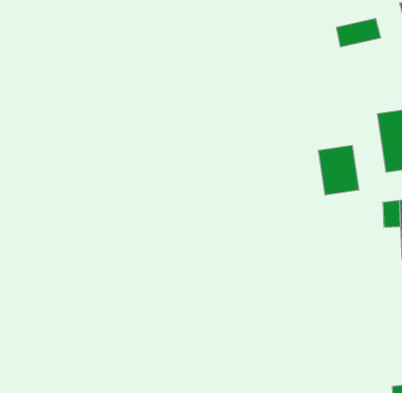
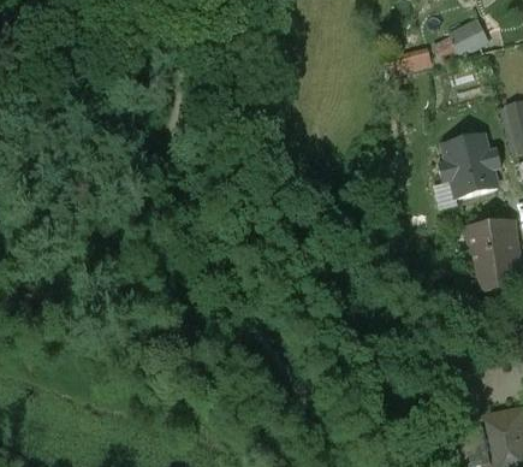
building: [318,145,359,195] -> none

